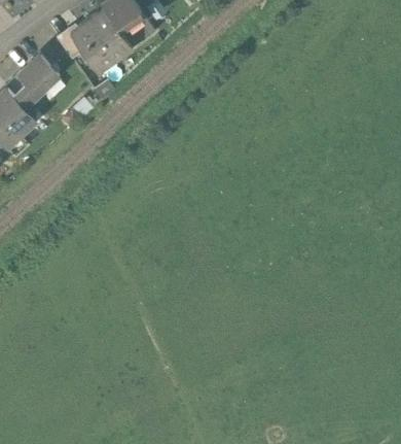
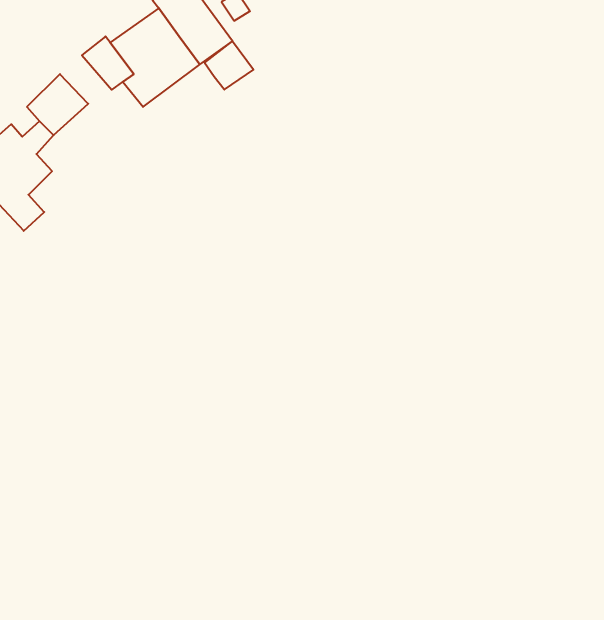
building: none -> [204,41,253,90]

